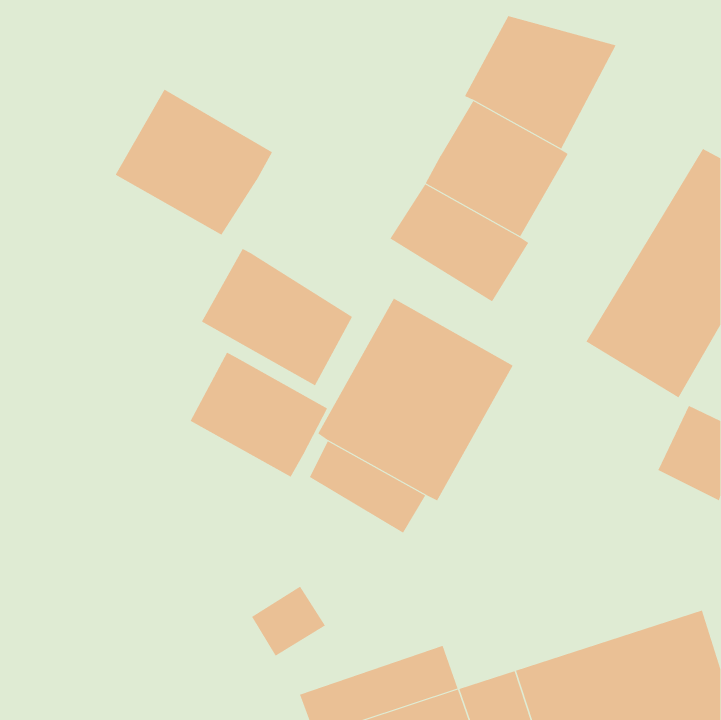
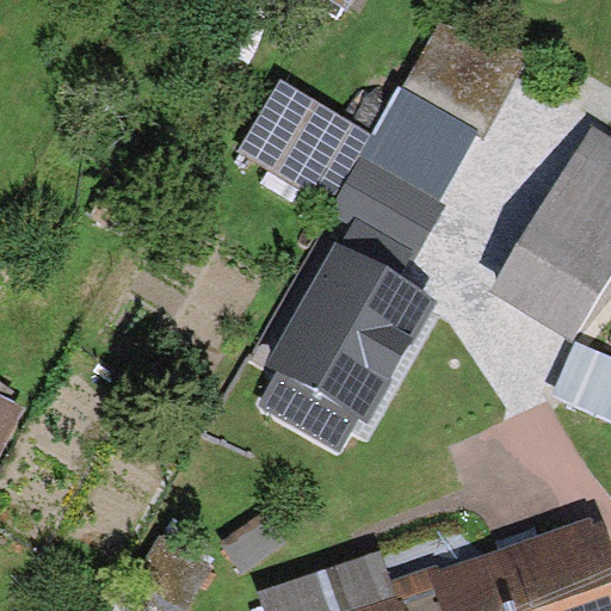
building: [115,89,273,236] -> [239,79,372,203]
building: [201,248,353,386] -> none
building: [190,352,328,477] -> none

